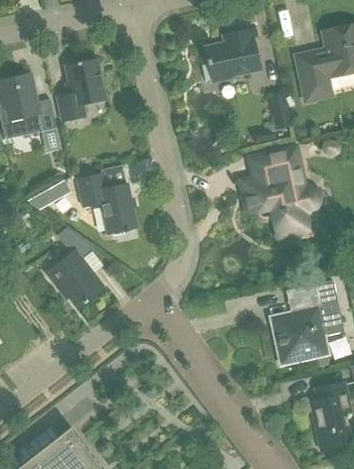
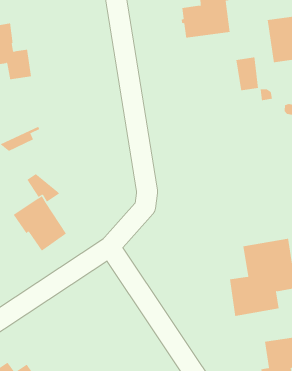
building: [56,60,104,122] -> none
building: [242,147,318,236] -> none
building: [77,174,134,235] -> none

